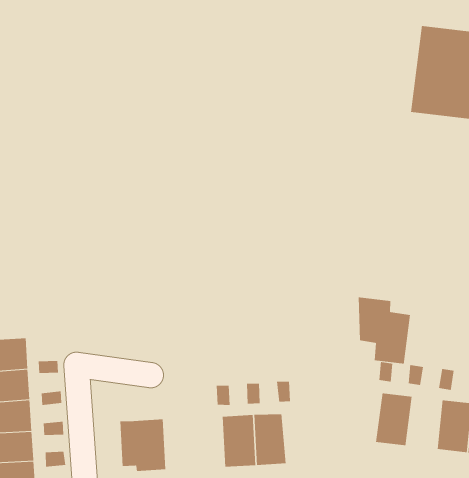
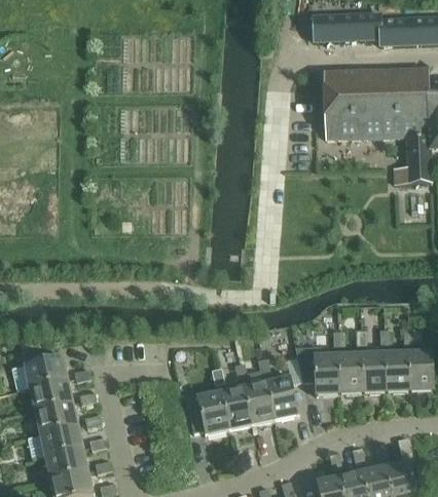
building: [358,297,411,364] -> [296,346,339,393]
building: none -> [362,352,387,391]
building: none -> [265,376,299,419]
building: [120,419,166,471] -> [187,391,228,434]

